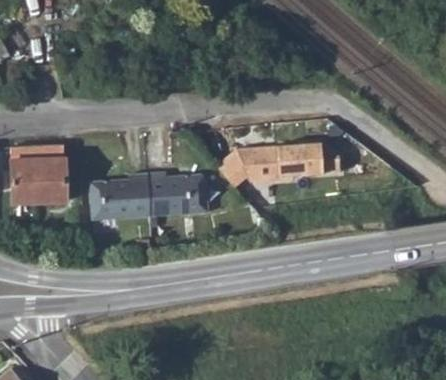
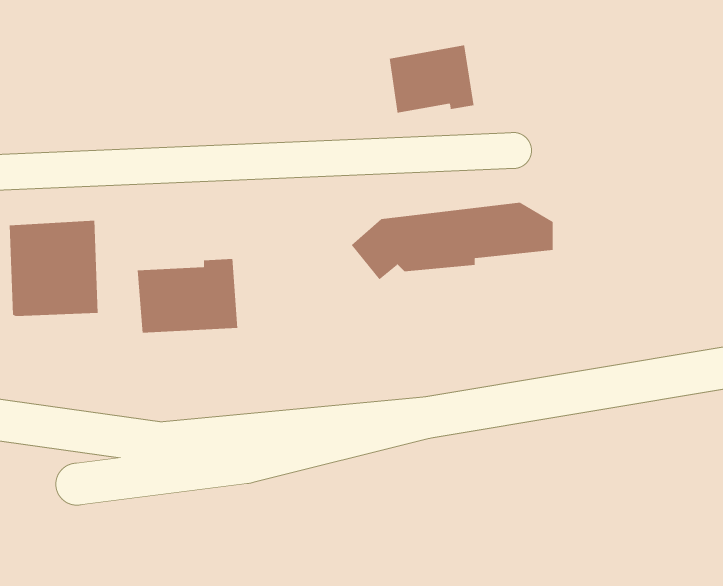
building: none -> [389,45,474,114]
building: [146,171,207,214] -> none

